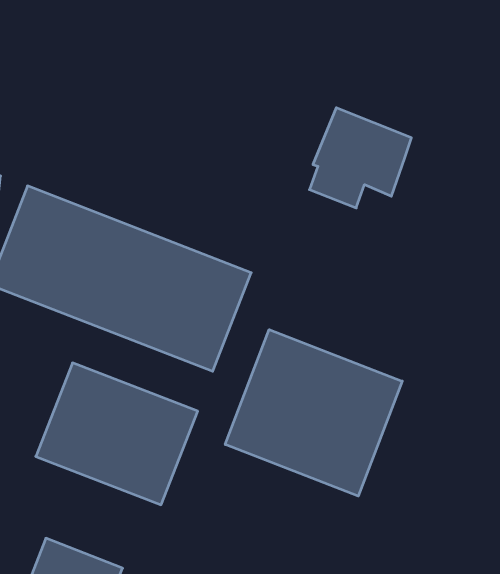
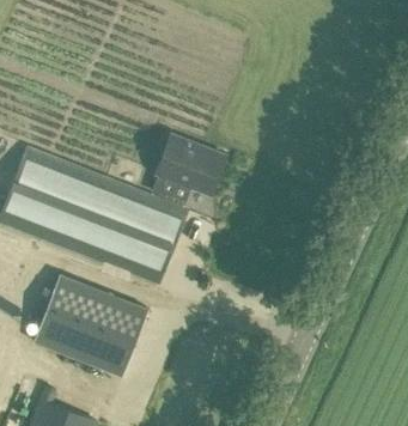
building: [309,108,411,208] -> [152,133,225,205]
building: [225,330,402,496] -> none

